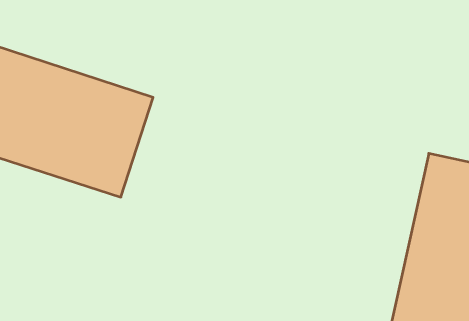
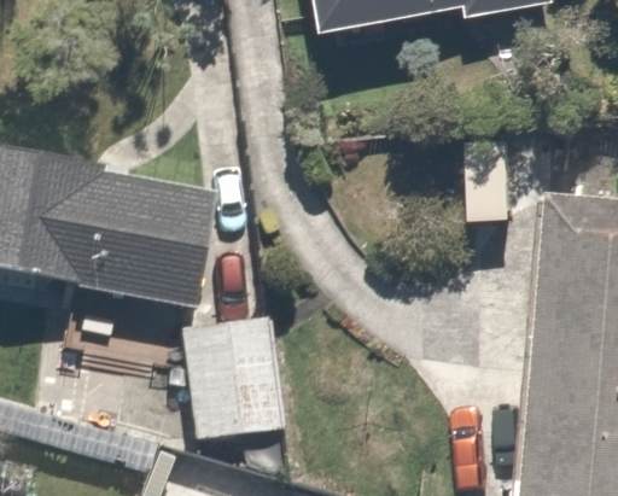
building: none -> [182,317,286,440]

